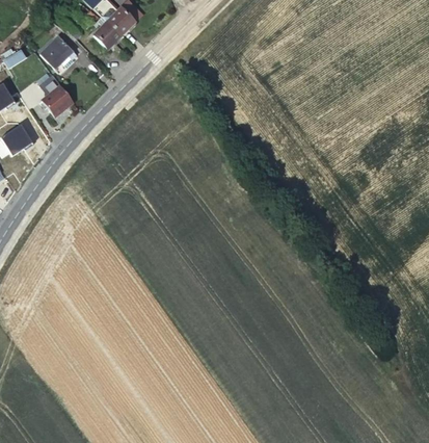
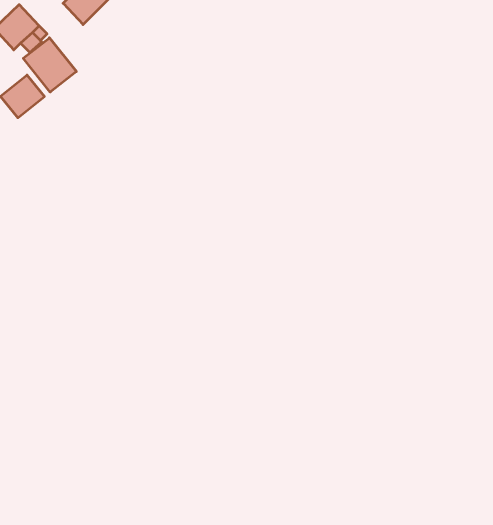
building: none -> [23,38,76,92]

